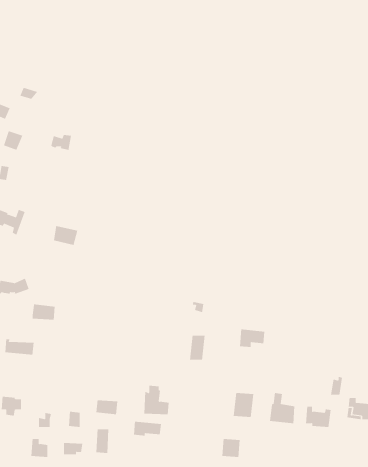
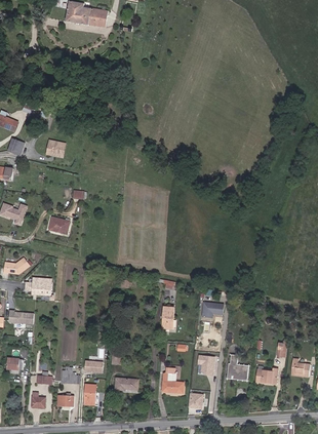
building: [143,385,170,415] -> [162,367,184,392]

